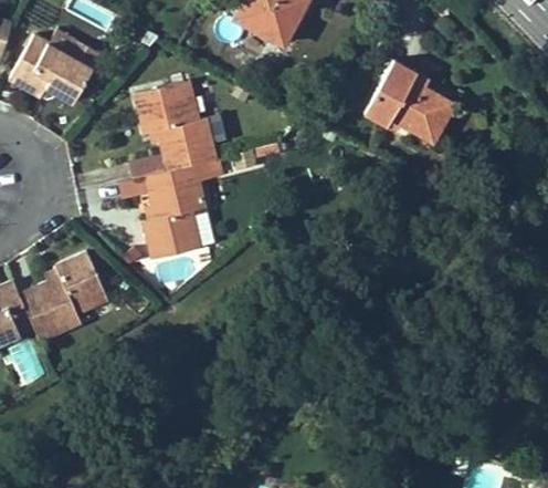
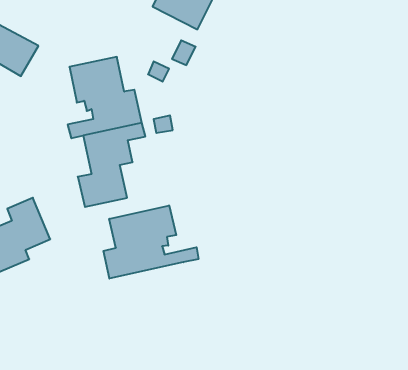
building: [359,55,453,141] -> none
building: none -> [103,205,198,279]

